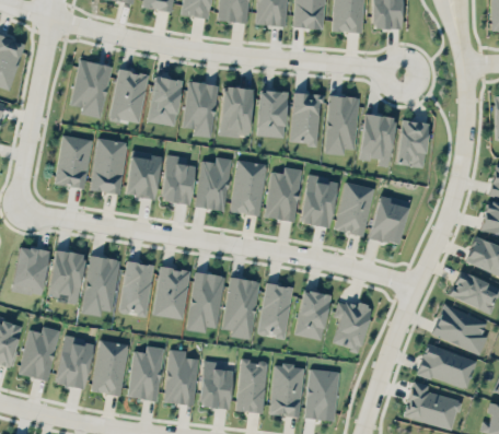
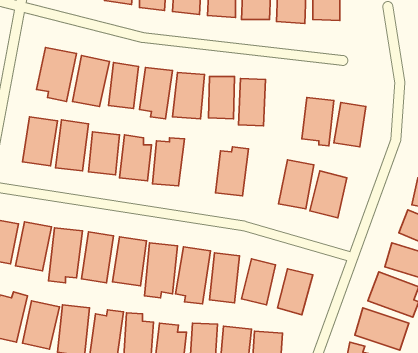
building: [325,95,358,154] -> none
building: [229,160,267,215] -> none
building: [299,175,337,227] -> none

